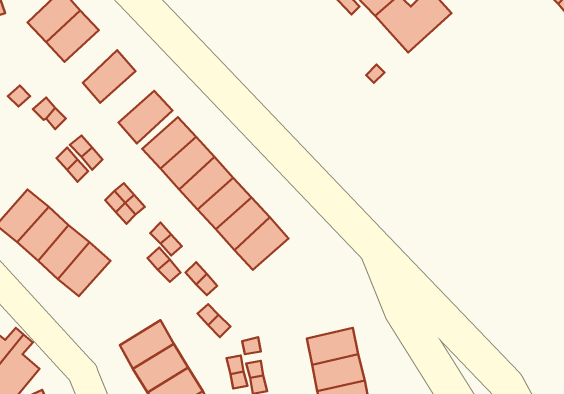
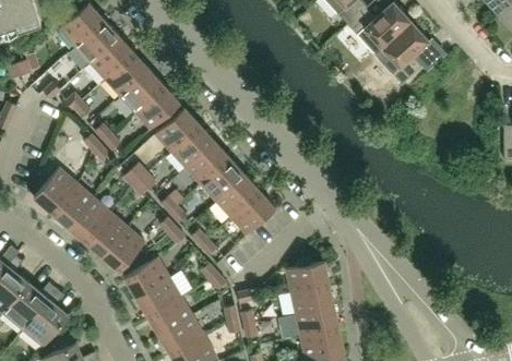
building: none -> [374,22,428,84]
building: none -> [90,36,133,80]
building: none -> [119,70,164,112]
building: none -> [102,227,144,272]
building: none -> [123,256,169,297]
building: none -> [285,261,329,291]

